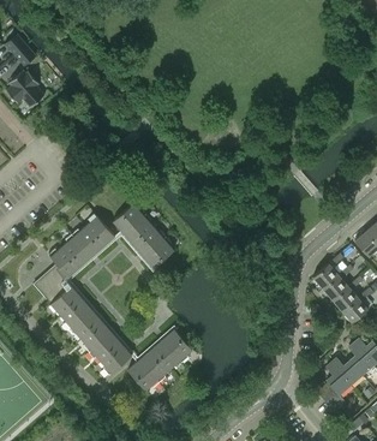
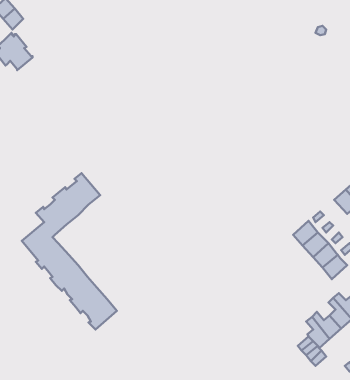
building: [113,203,174,268] -> none
building: [127,329,192,391] -> none

